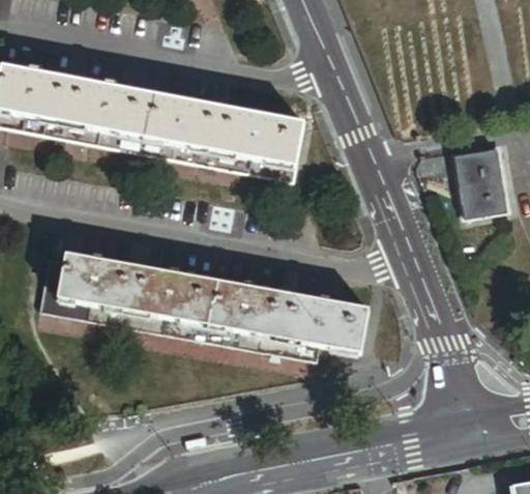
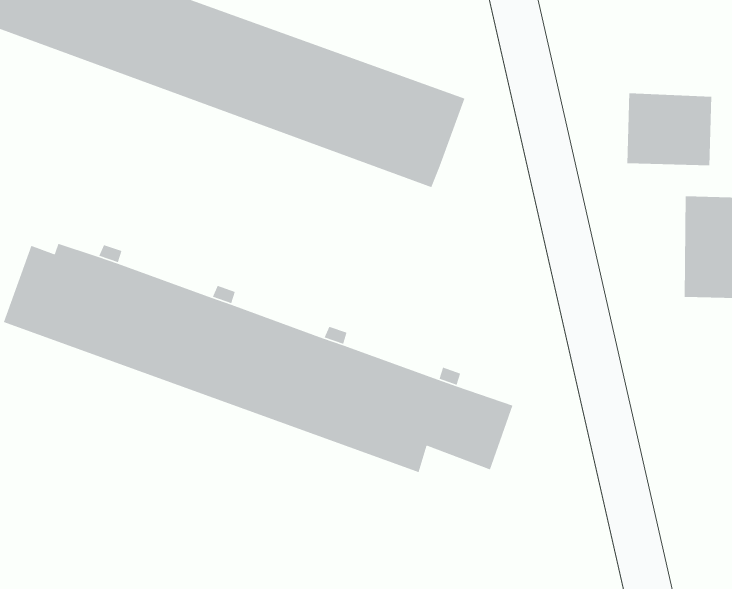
building: none -> [627,92,712,166]

